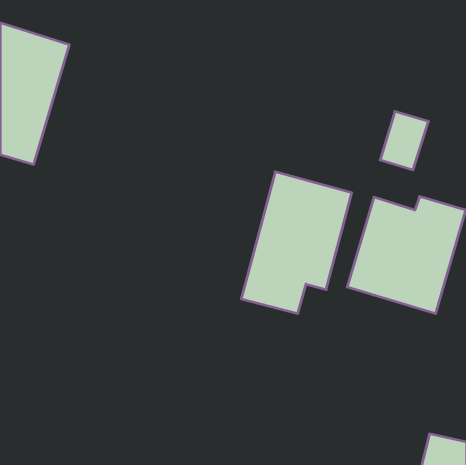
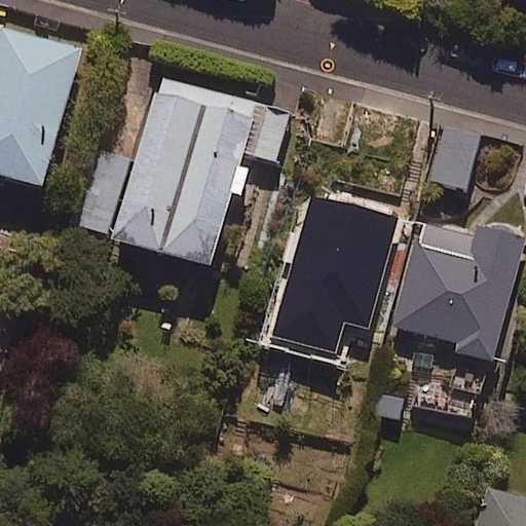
building: none -> [77,77,288,265]

